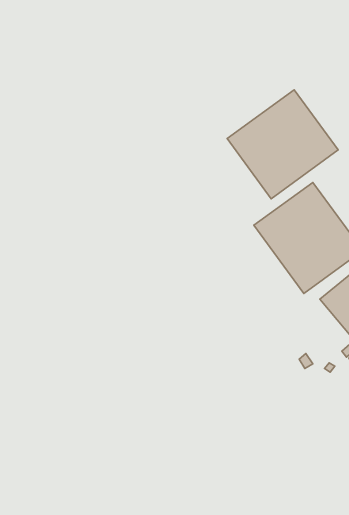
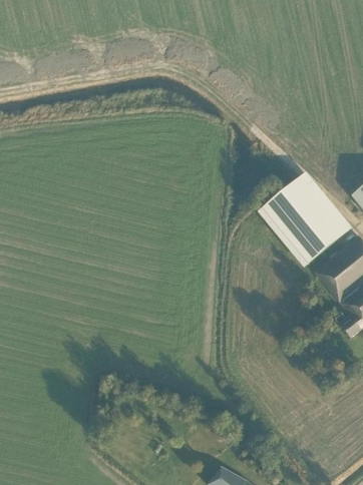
building: [227,90,338,199] -> none

